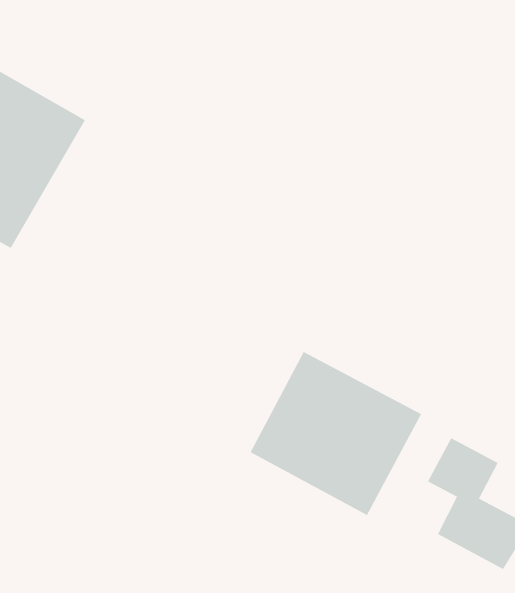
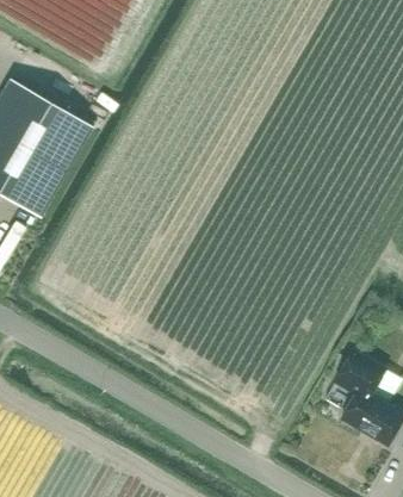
building: [250,351,422,516] -> none

